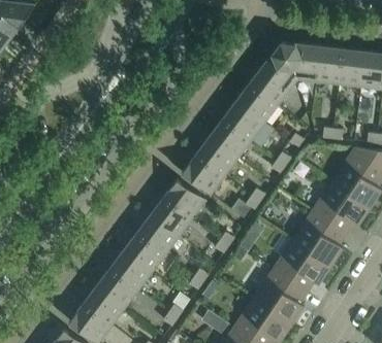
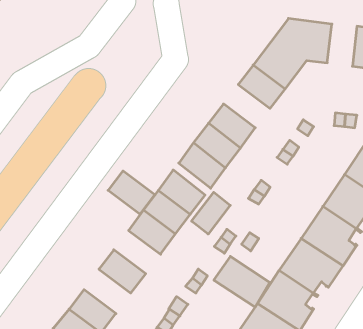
building: [316,46,343,84] -> none
building: [222,101,264,140] -> none
building: none -> [192,192,230,234]
building: [123,233,165,272] -> [108,171,155,214]
building: none -> [214,256,270,307]
building: [96,268,138,308] -> none

